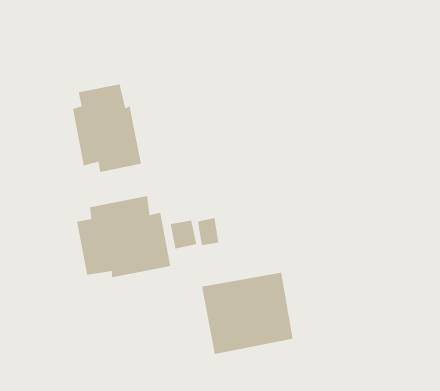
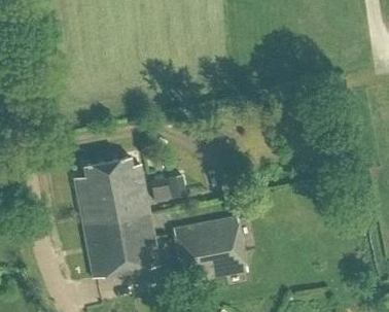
building: [72,83,142,173] -> none
building: none -> [80,212,156,275]

